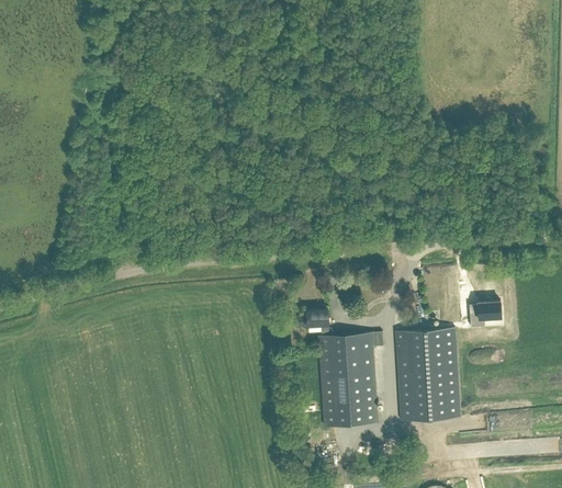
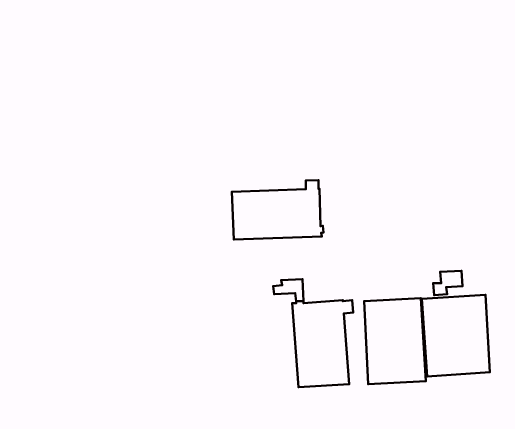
building: none -> [232,180,323,240]
building: none -> [422,295,490,376]

